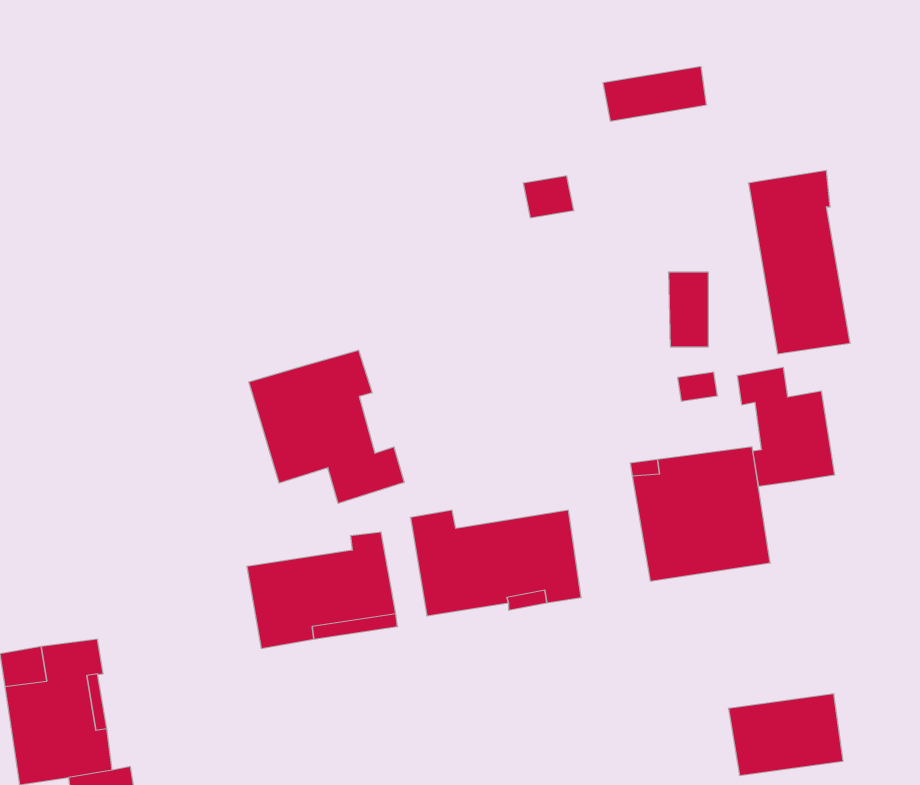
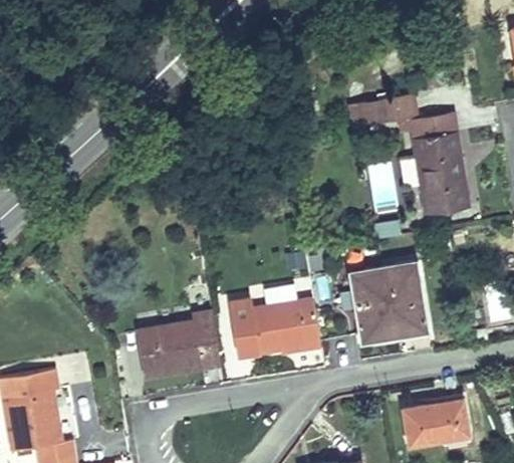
building: [603,67,707,121] -> [361,96,419,127]
building: [249,350,404,503] -> none
building: [737,367,834,486] -> none

